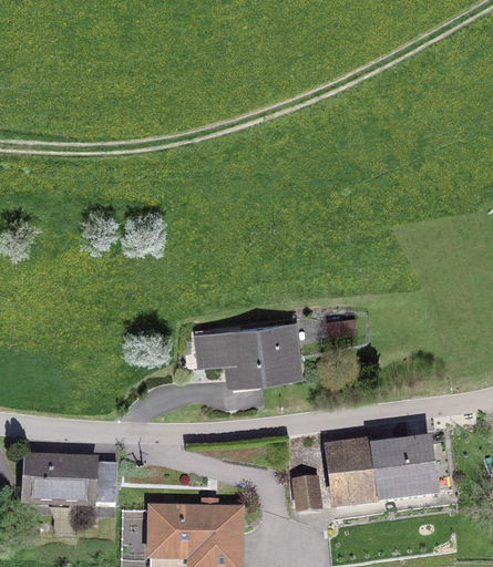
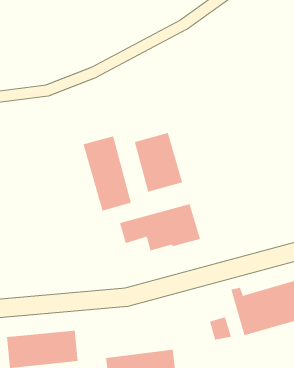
building: none -> [83,135,132,211]
building: none -> [134,132,183,192]

